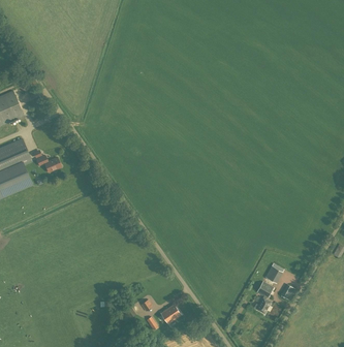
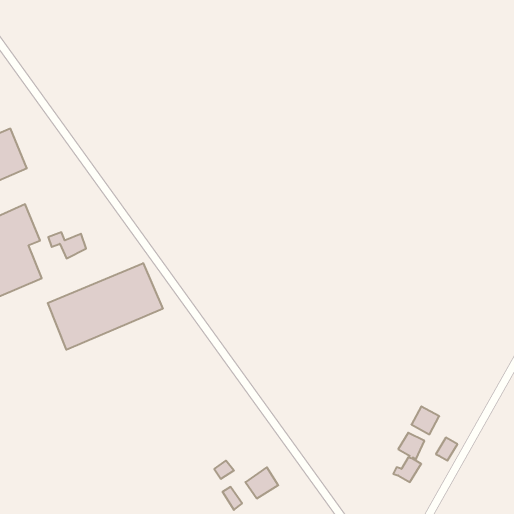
building: none -> [48,263,163,350]

